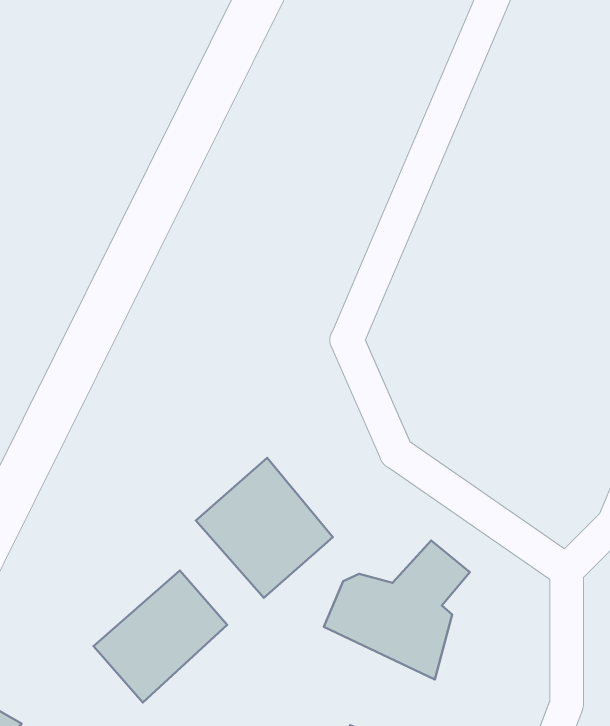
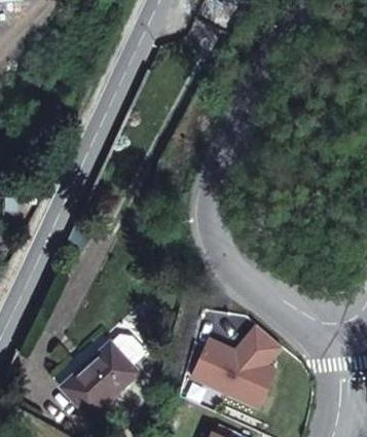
building: [196,458,333,598] -> none

